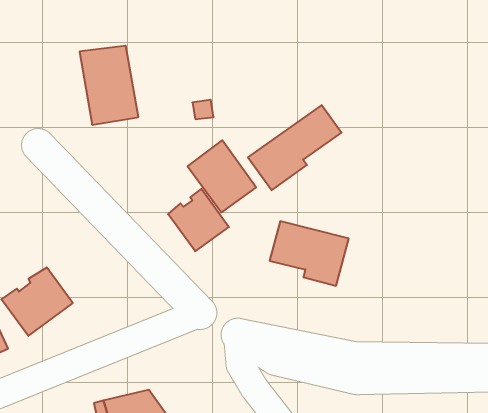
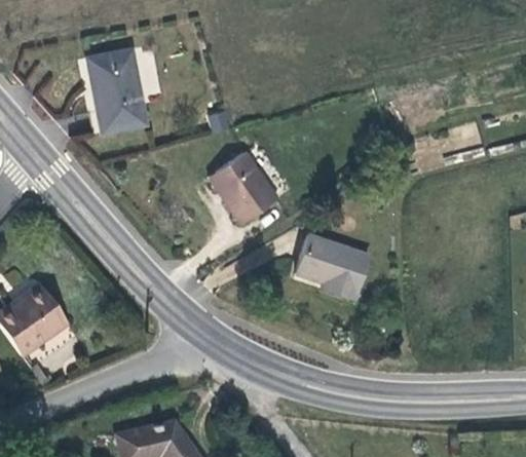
building: [248,105,342,190] -> none
building: [168,189,229,251] -> none

